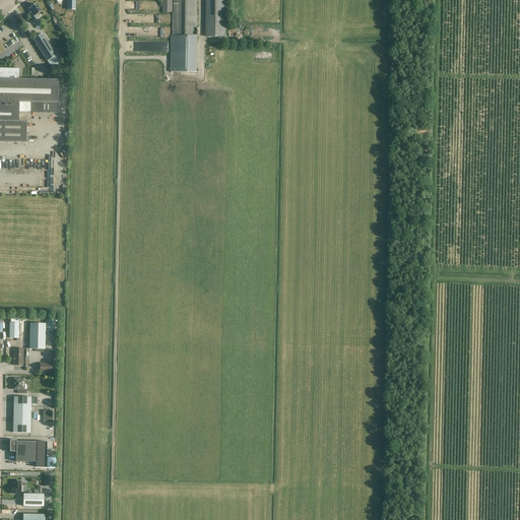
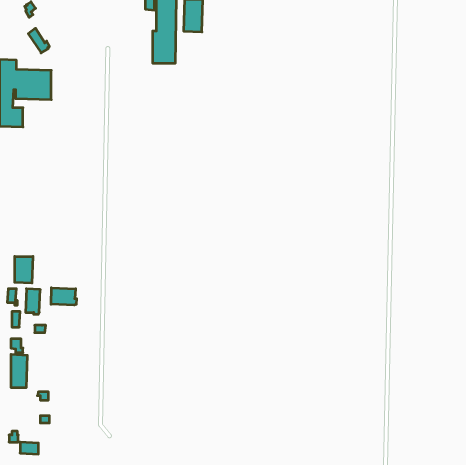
building: none -> [15,256,33,283]
building: none -> [51,288,77,305]
building: [14,439,36,460] -> none

